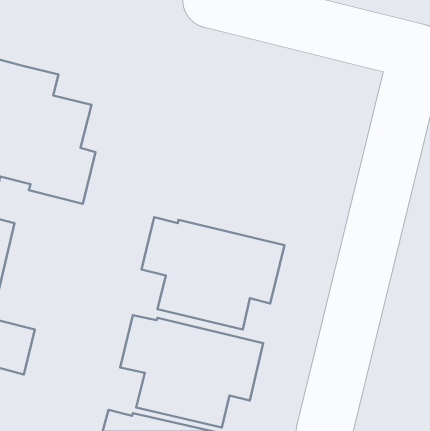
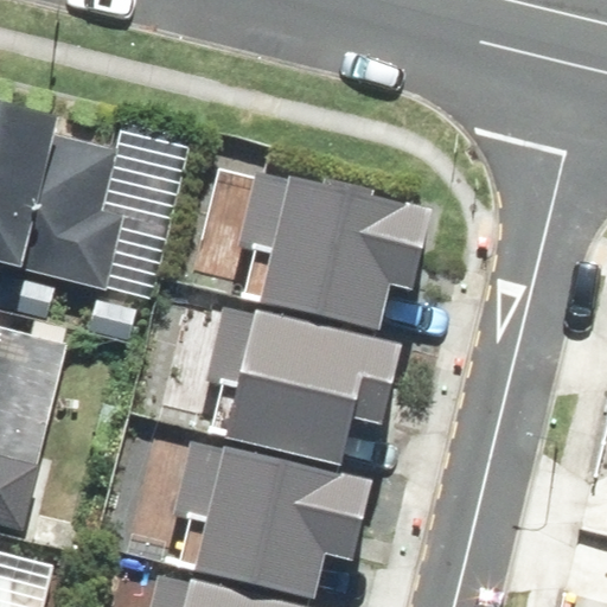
building: none -> [237,172,436,330]

